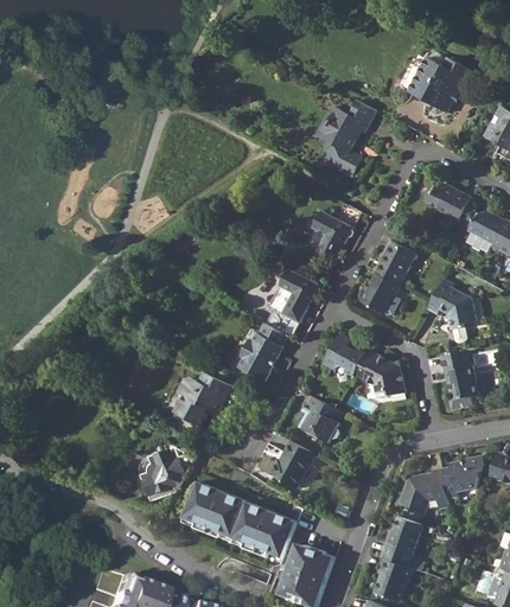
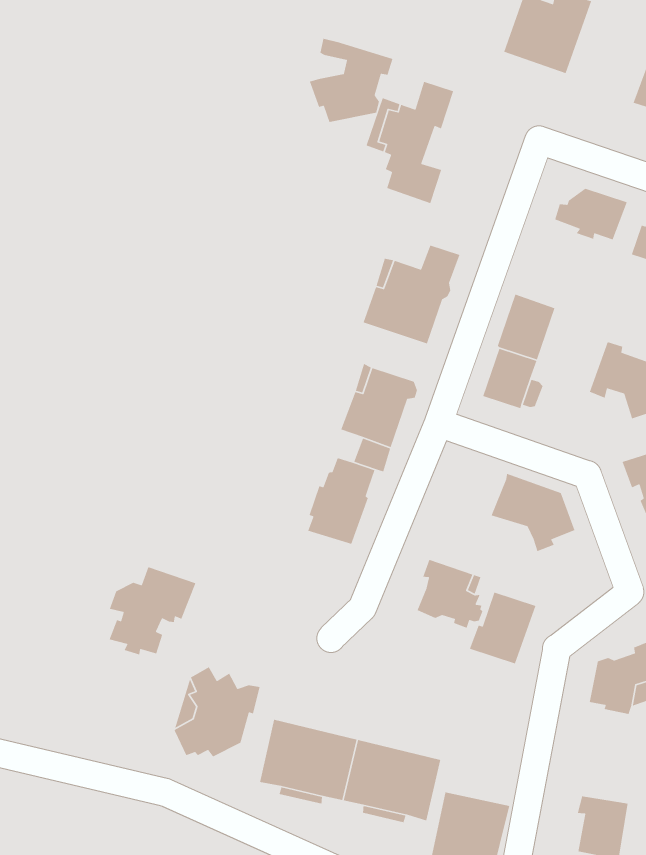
building: none -> [309,38,394,123]
building: [323,336,366,378] -> none
building: [172,370,232,426] -> [108,566,197,656]
building: [269,440,315,487] -> [469,591,536,664]
building: [378,516,421,567] -> none

